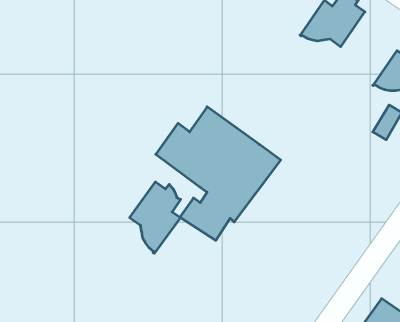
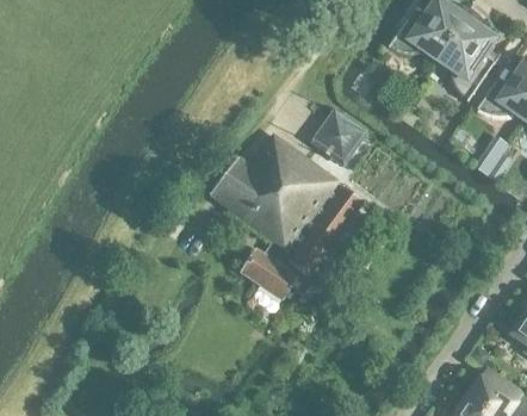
building: none -> [438,18,497,101]
building: none -> [311,108,367,163]
building: [130,182,181,253] -> none

